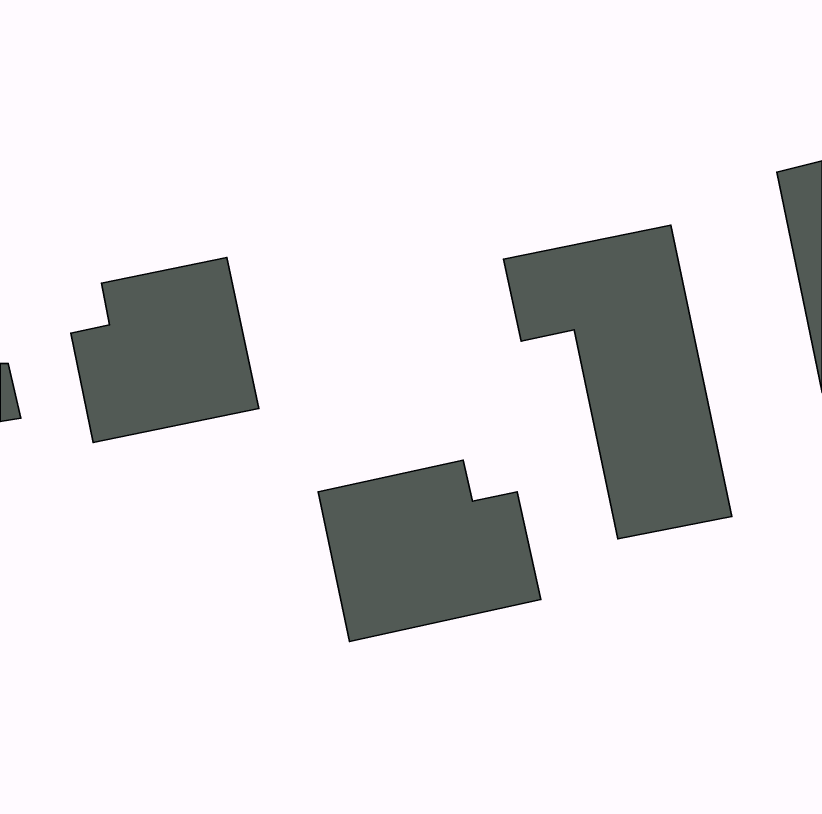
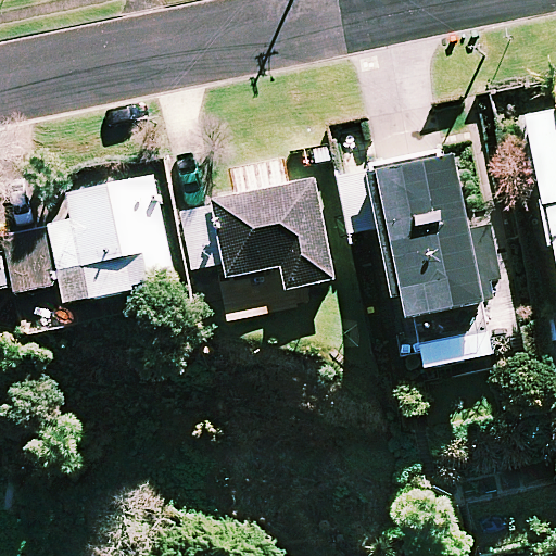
building: none -> [181,156,334,287]
building: [318,460,541,642] -> none

